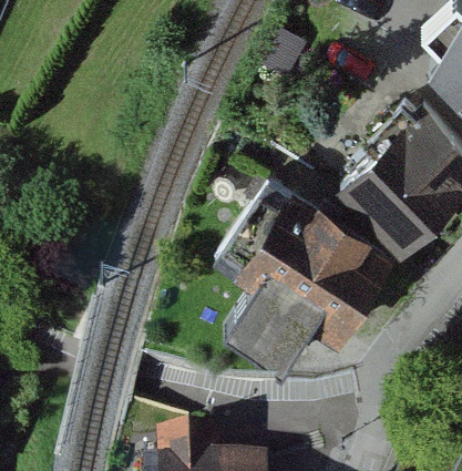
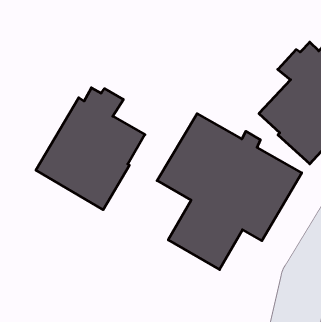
building: none -> [36,88,145,210]

